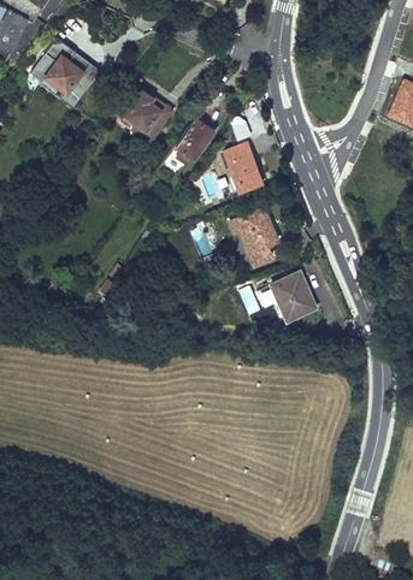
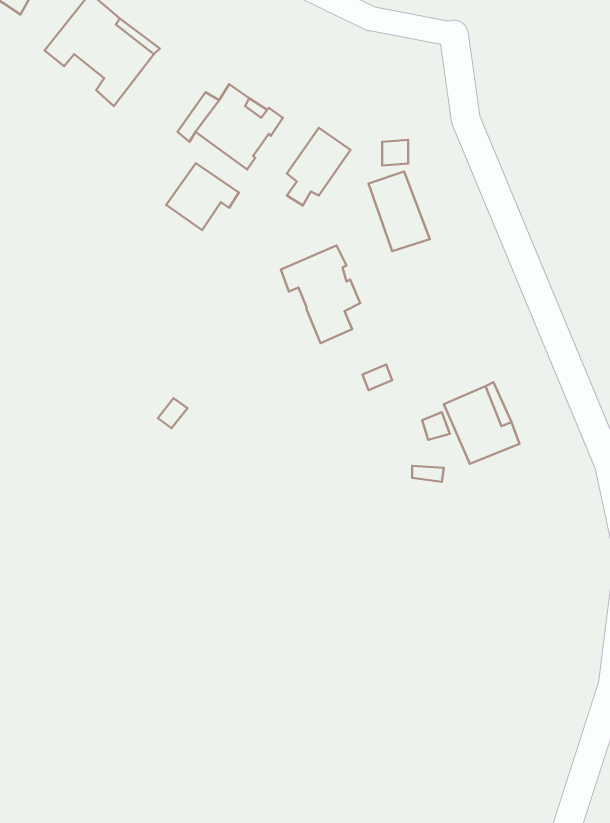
building: none -> [166,163,239,230]
building: [230,207,278,266] -> [281,246,360,343]

